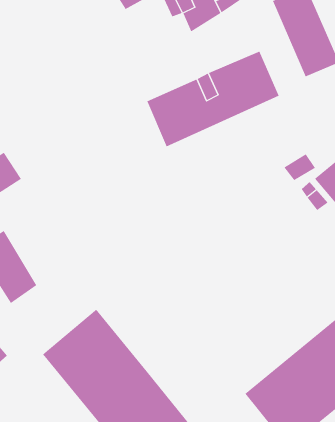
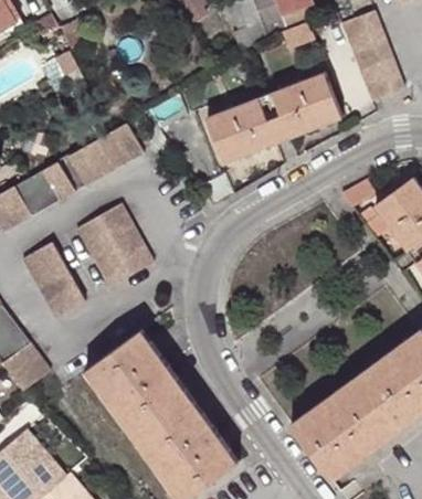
building: none -> [67,123,141,184]
building: none -> [77,202,154,286]

